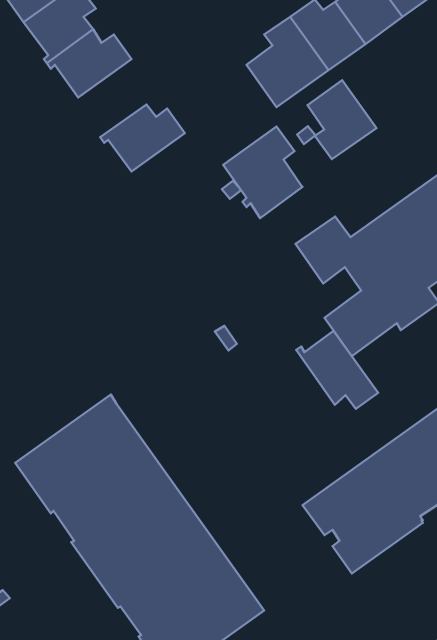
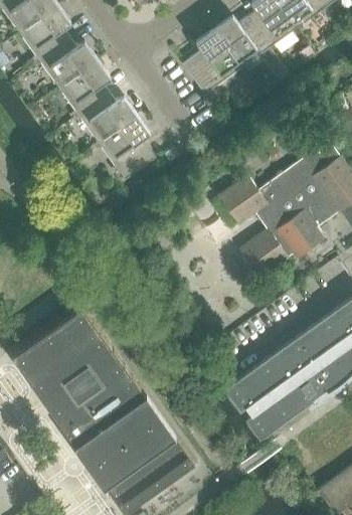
building: none -> [58,60,111,118]
building: [307,80,376,159] -> none
building: [223,127,303,218] -> [98,115,156,182]
building: [296,331,378,409] -> none

